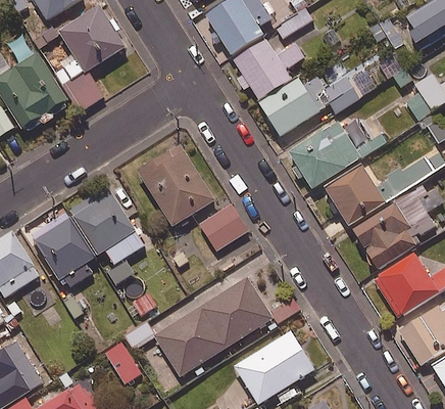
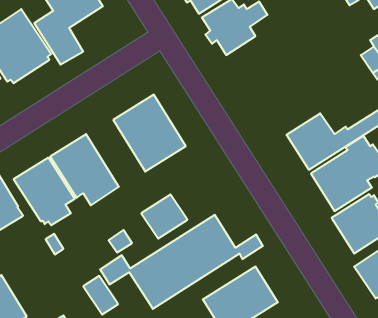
building: [258,74,367,135] -> none
building: [288,119,386,189] -> none
building: [198,202,248,251] -> [141,194,187,239]

